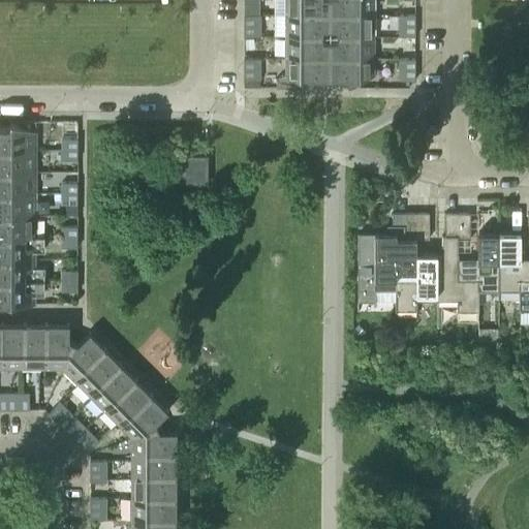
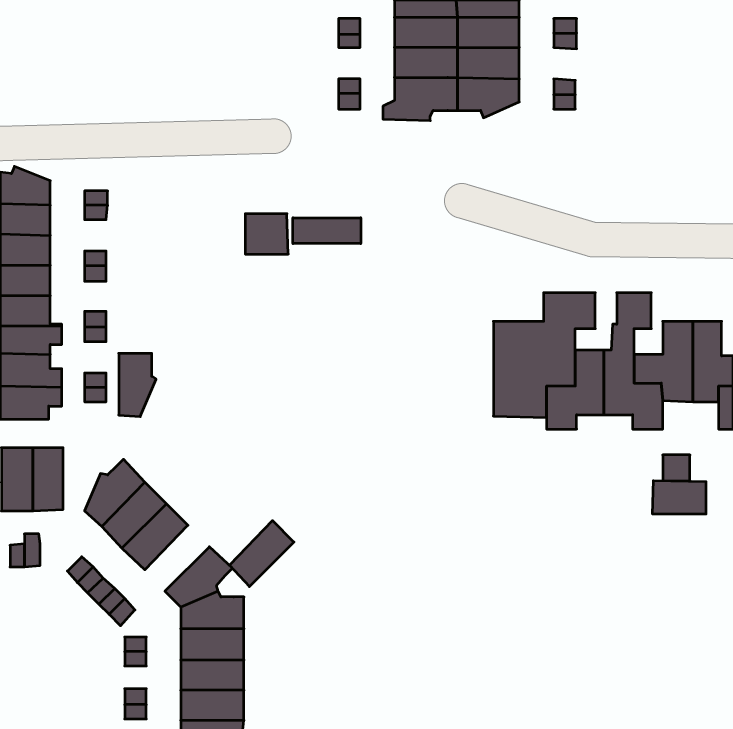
building: none -> [293,218,361,244]
building: [45,325,72,371] -> [119,353,156,417]
building: none -> [653,481,706,514]
building: [104,381,151,429] -> [229,521,294,587]

